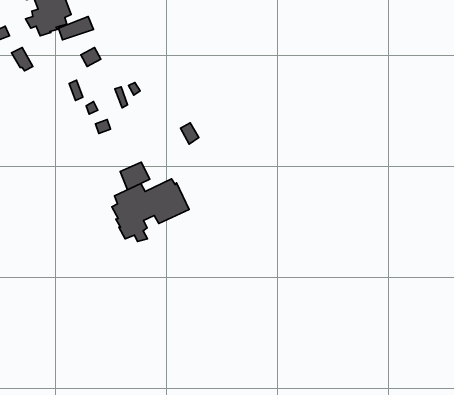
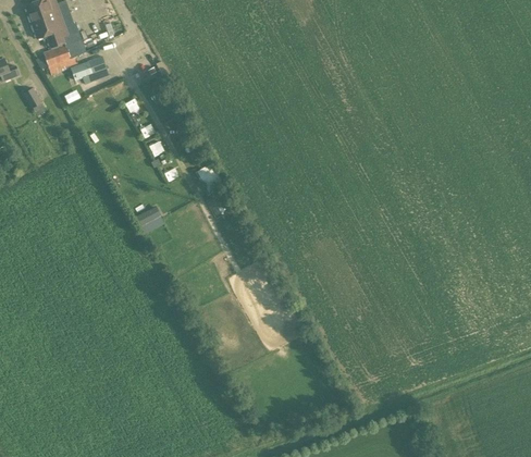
building: [112,179,189,242] -> none

